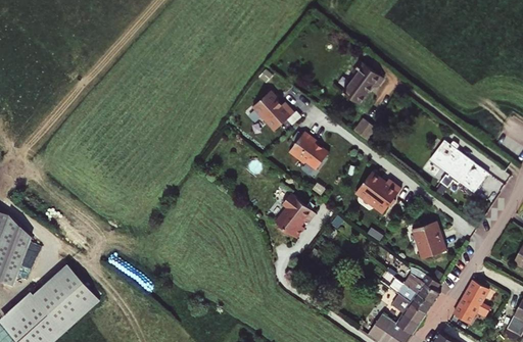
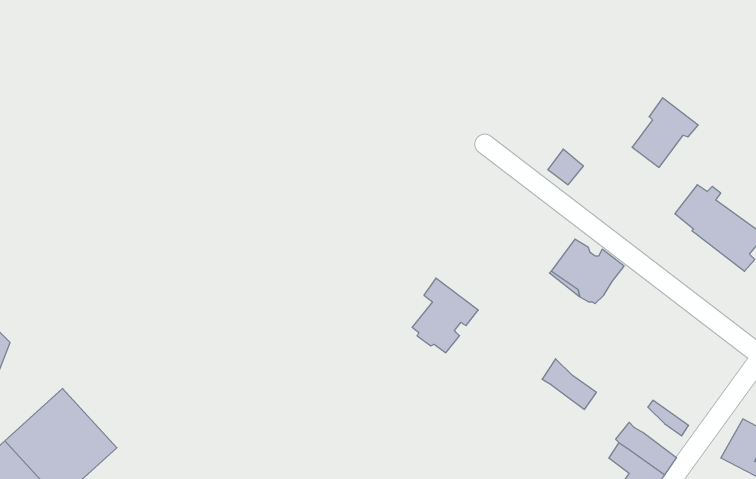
building: [344,62,384,104] -> [632,98,698,167]
building: [252,91,294,131] -> none
building: [290,132,328,169] -> none
building: [413,223,446,258] -> none
building: [408,274,440,304] -> [542,359,596,410]

